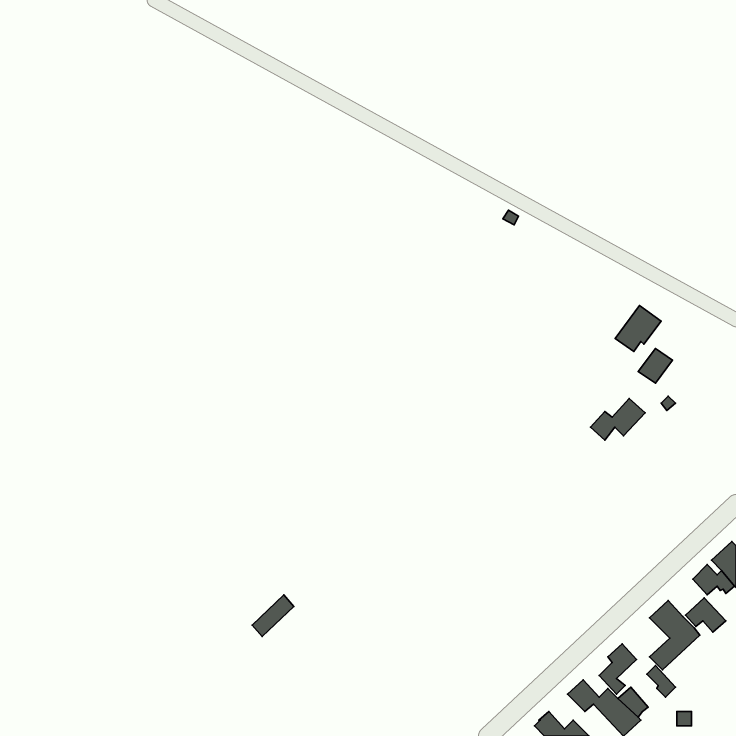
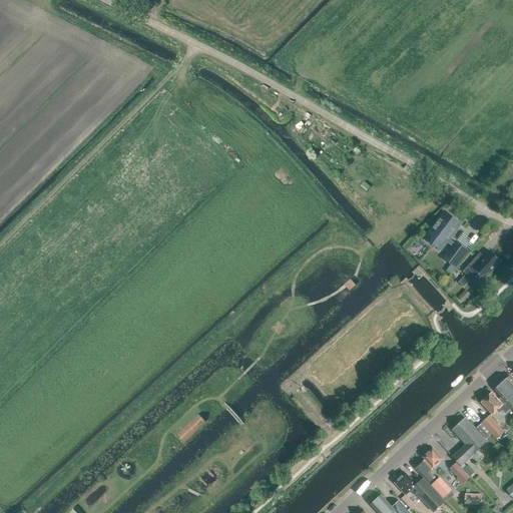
building: [590,398,645,440] -> [463,251,501,281]

